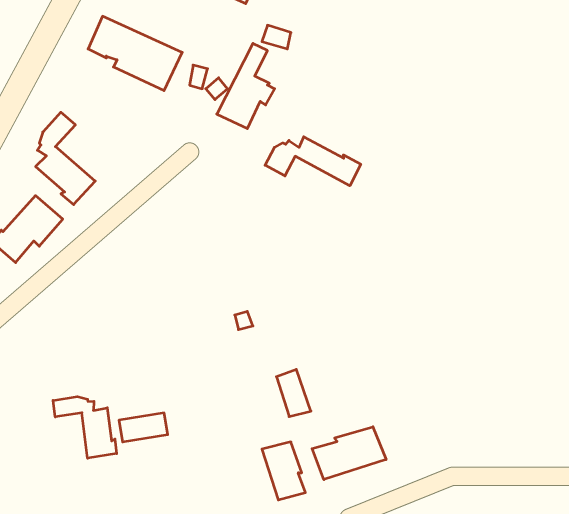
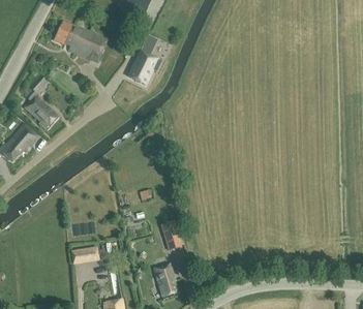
building: [265,137,361,186] -> none
building: [53,397,117,458] -> none
building: [312,427,386,480] -> none

